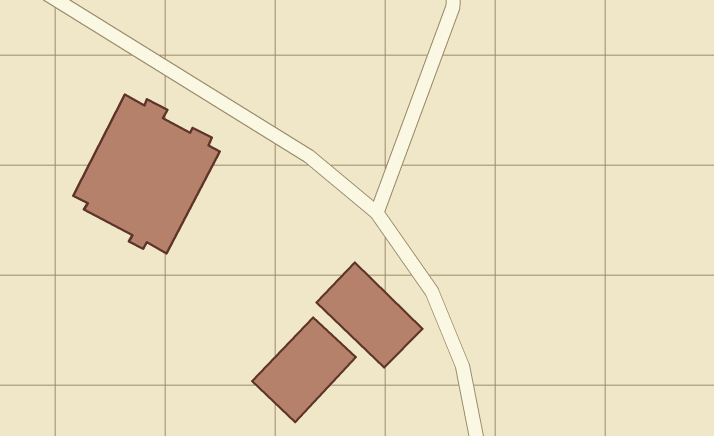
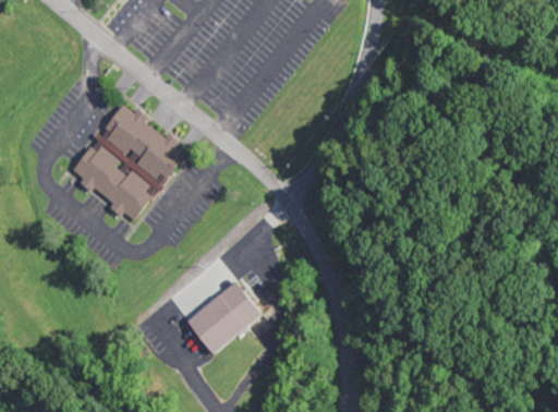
building: [316,263,423,368] -> none

